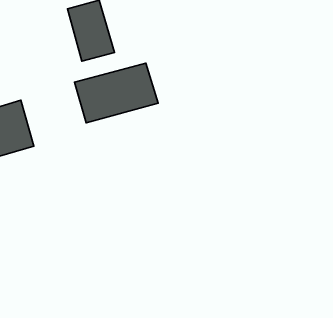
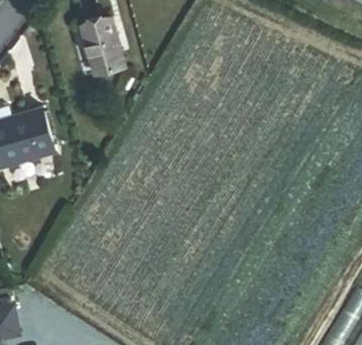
building: [75,63,158,123] -> none

